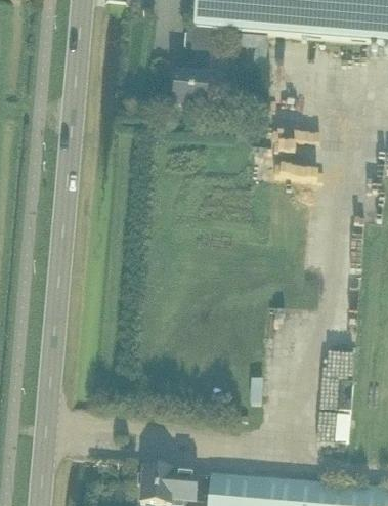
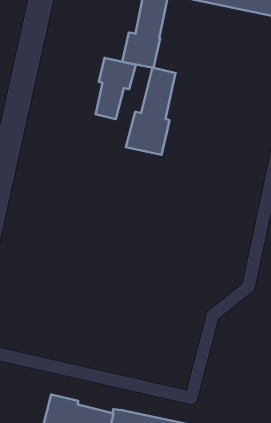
building: none -> [95,58,136,119]
building: none -> [126,68,176,155]

